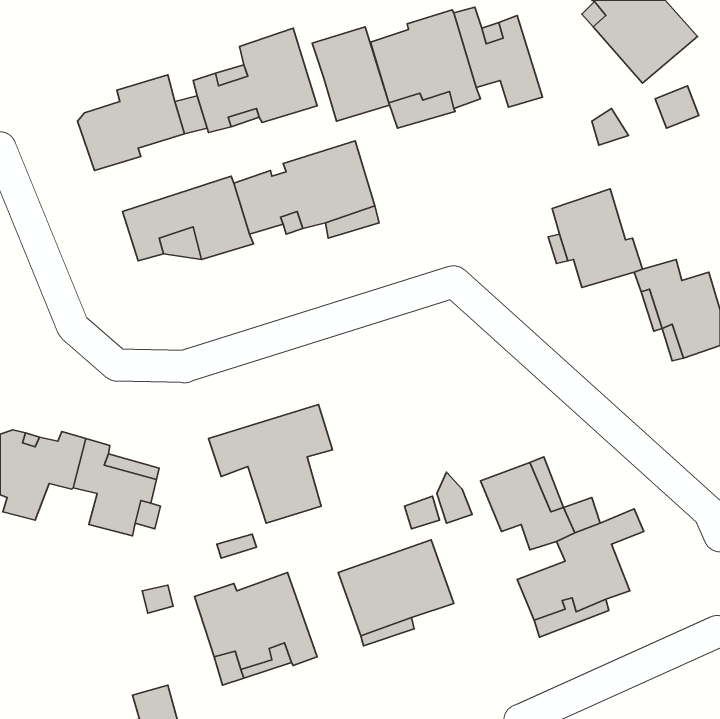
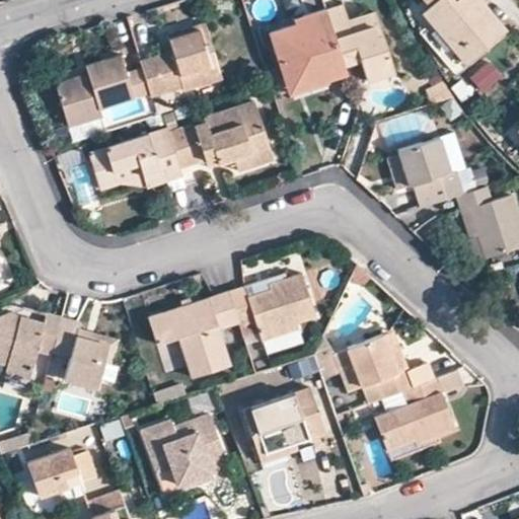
building: [312,27,390,121] -> none
building: none -> [229,276,318,340]
building: none -> [28,449,95,497]

